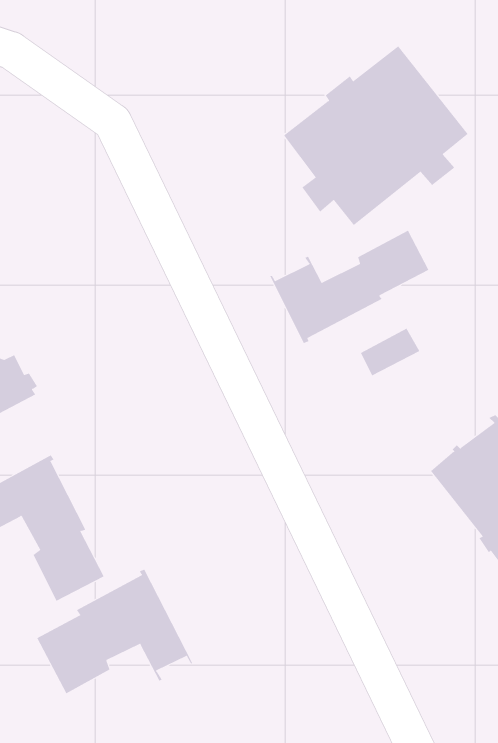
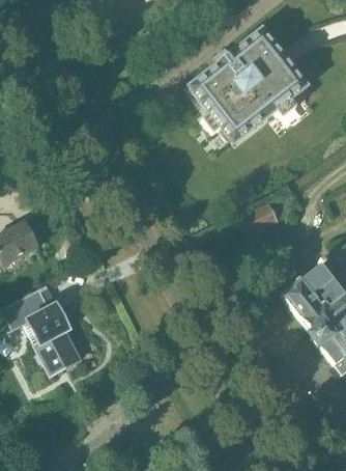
building: [270,230,429,344] -> none
building: [36,569,193,694] -> none

